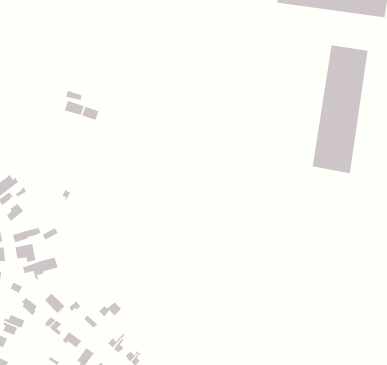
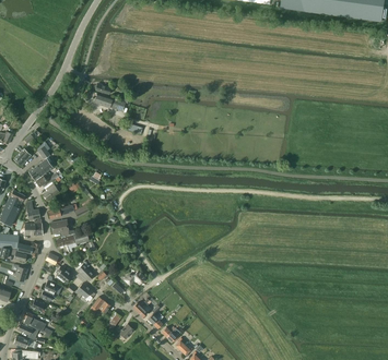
building: [312,45,368,174] -> none

